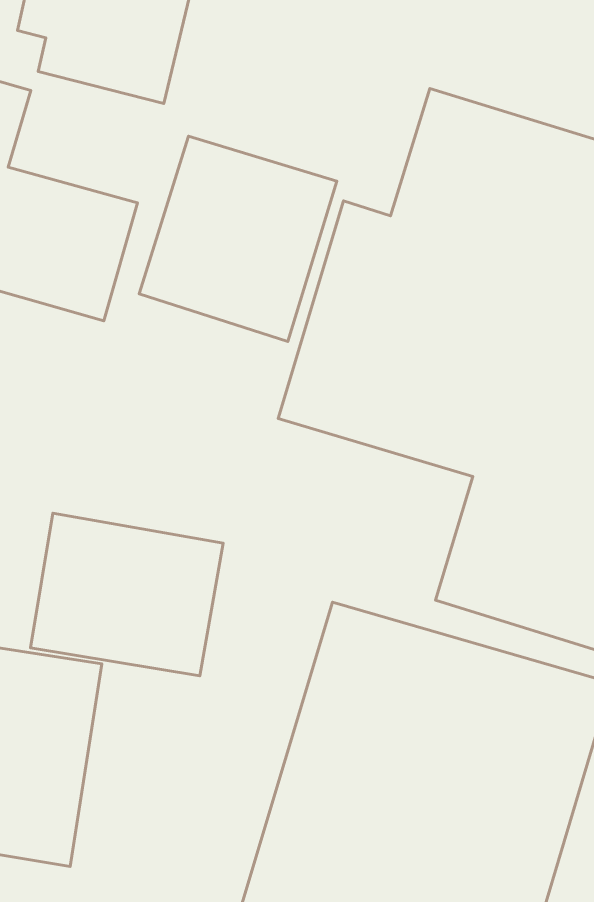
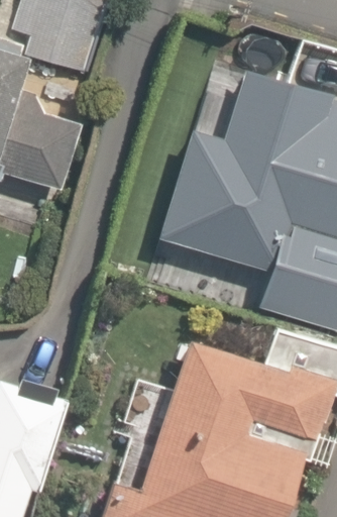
building: [139,136,337,342] -> none
building: [30,513,223,676] -> none

